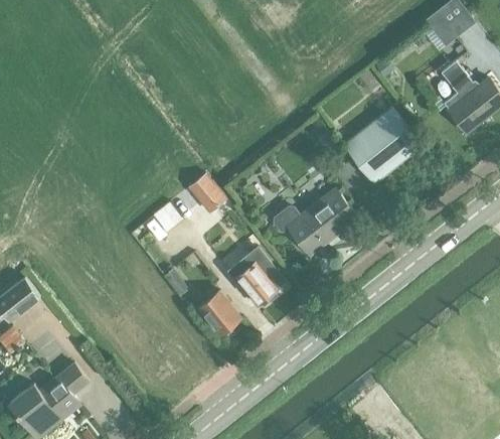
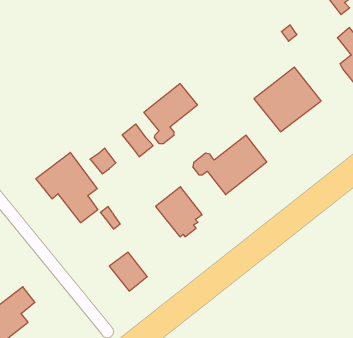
building: none -> [144,84,197,144]
building: none -> [36,152,98,223]
building: [196,291,240,336] -> [109,252,147,291]

